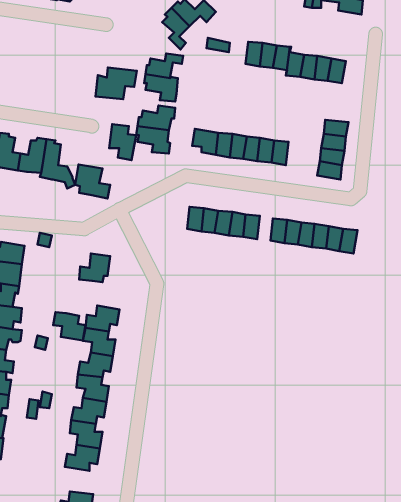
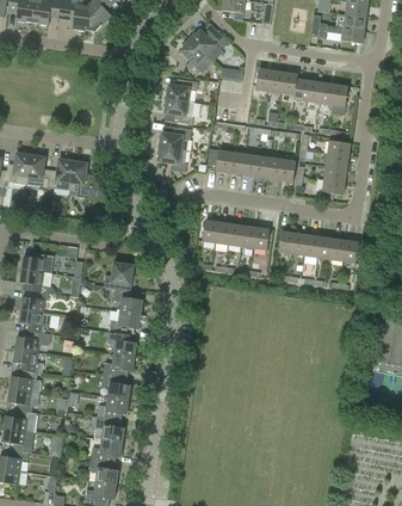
building: [96,68,137,99] -> none
building: [109,124,136,160] -> none
building: [75,164,110,198] -> none
building: [53,312,86,341] -> [113,289,143,315]
building: none -> [89,459,118,485]

